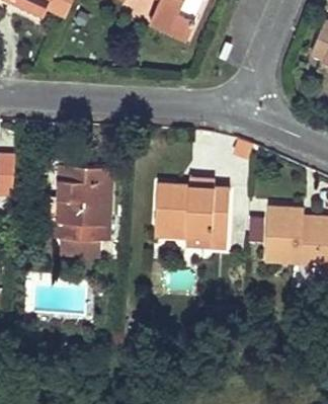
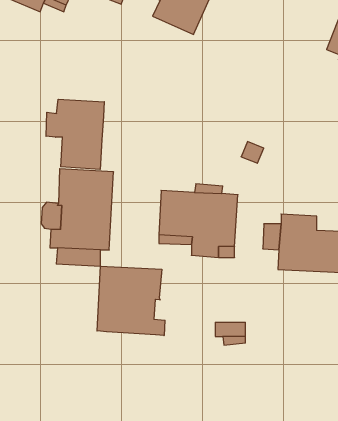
building: none -> [46,99,104,169]
building: none -> [97,266,165,336]

